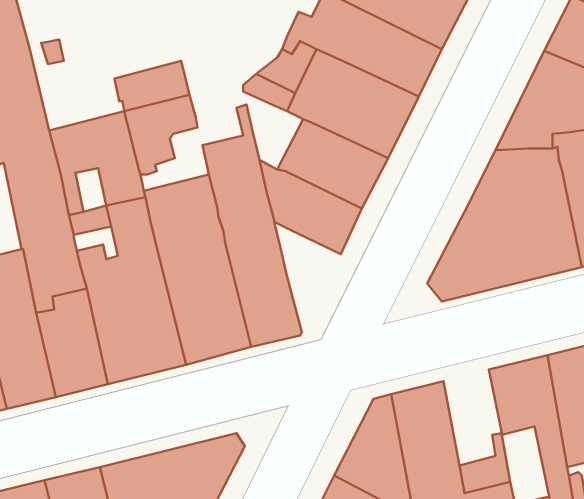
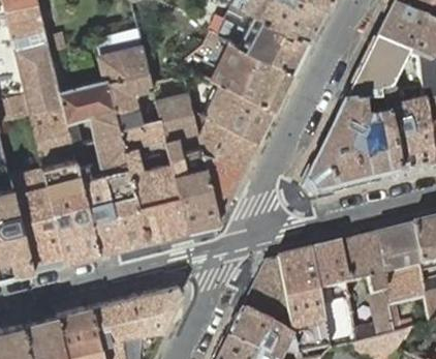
building: none -> [201,150,244,220]
building: none -> [309,244,346,305]

